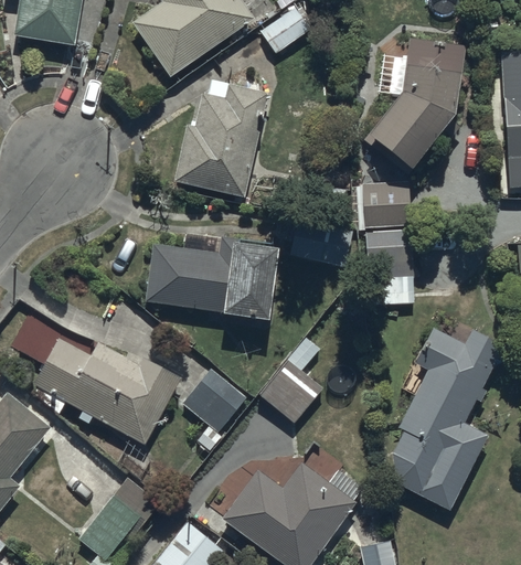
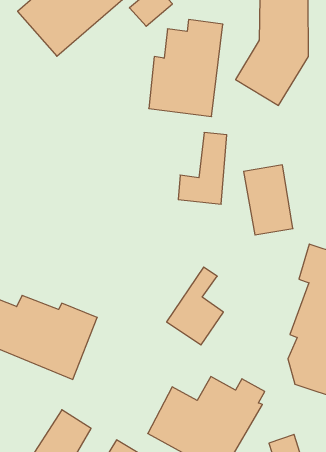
building: [172,83,268,196] -> [149,20,223,117]
building: [360,181,411,228] -> none
building: [146,232,280,313] -> none
building: [182,369,244,454] -> none

